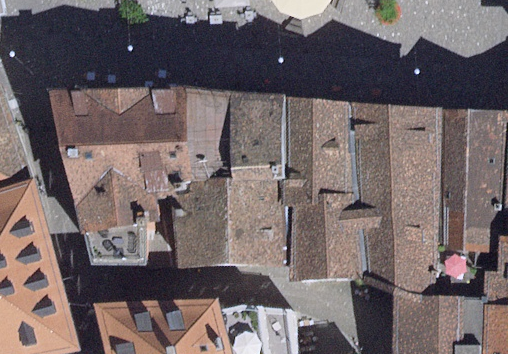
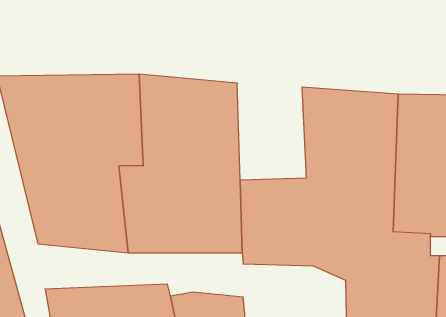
building: [284,97,352,193] -> none

